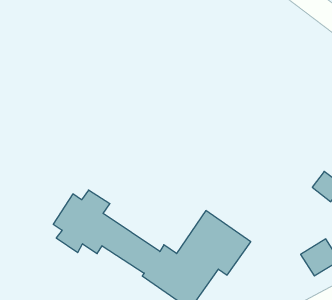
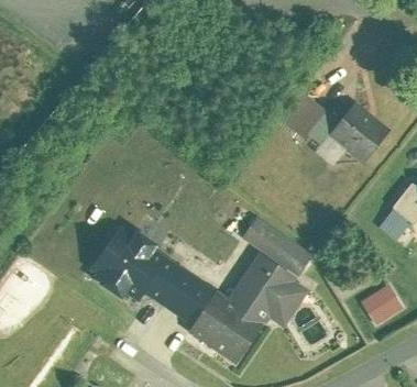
building: none -> [288,95,392,164]
building: none -> [241,213,319,279]

